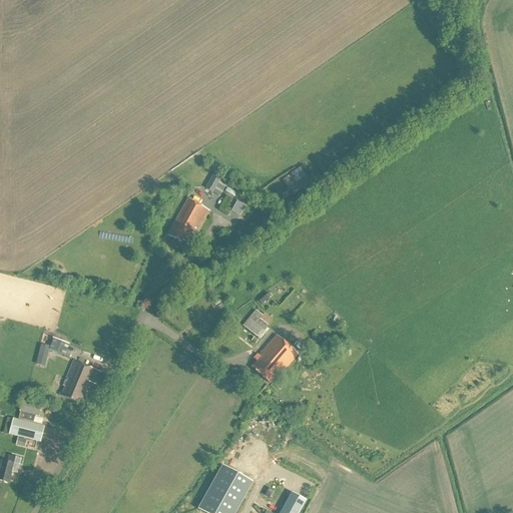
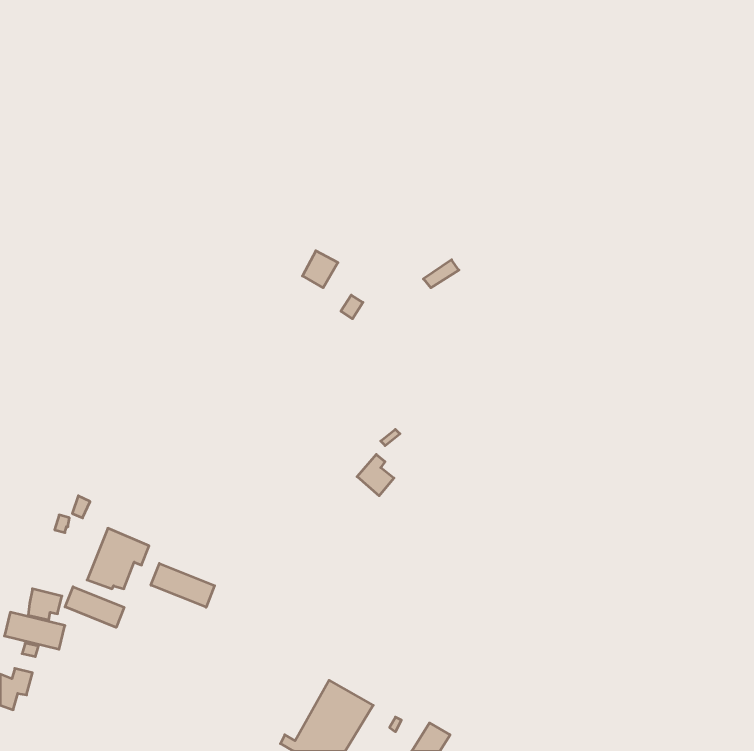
building: [167,198,209,242] -> none
building: [251,335,298,382] -> none
building: none -> [151,563,215,607]
building: none -> [65,587,124,627]

